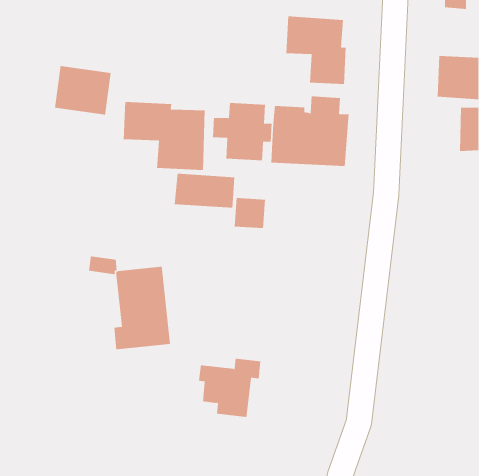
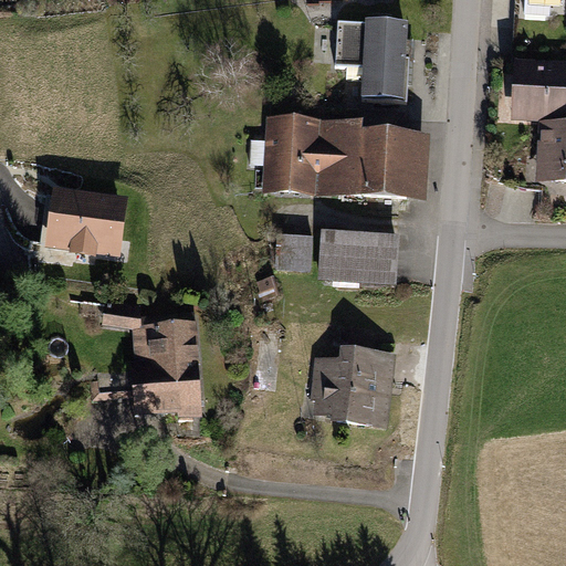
building: [54,65,111,115] -> [54,191,122,250]
building: [123,101,205,171] -> none
building: [174,173,235,208] -> [322,237,394,277]
building: [198,358,261,418] -> [316,353,390,422]

